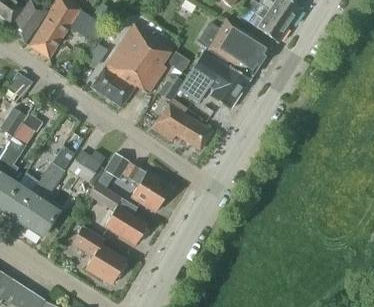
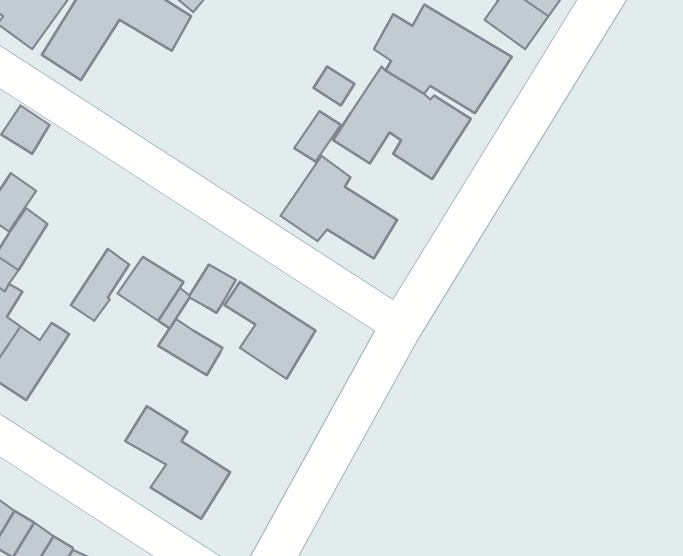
building: [91,23,173,106] -> none
building: [21,174,58,236] -> none
building: [105,198,148,245] -> none

